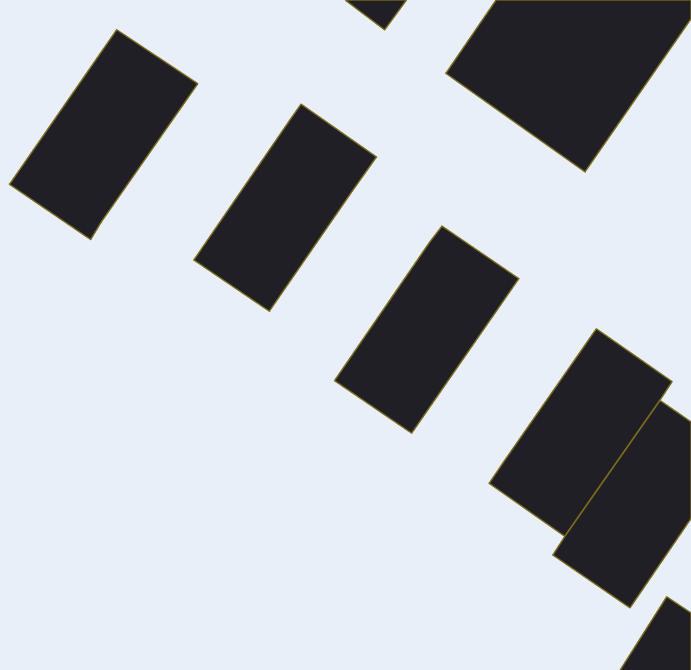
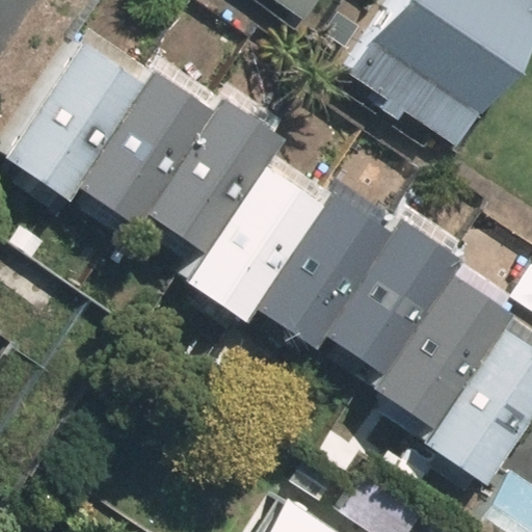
building: none -> [78,69,221,229]
building: none -> [189,162,329,322]
building: none -> [327,214,468,372]

